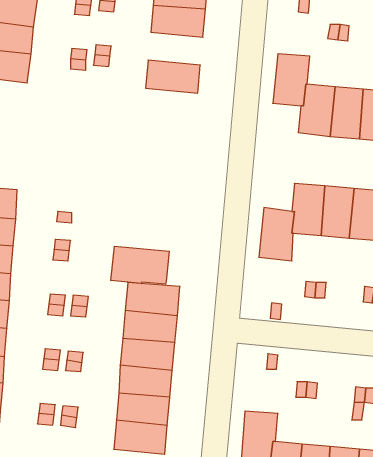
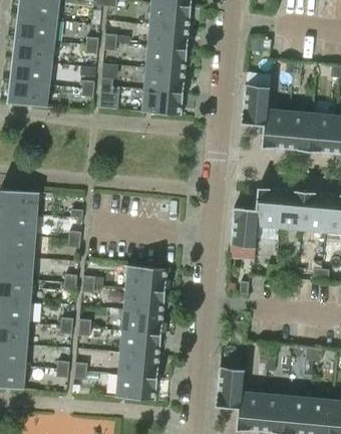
building: none -> [142,67,186,93]
building: [111,246,169,284] -> none

